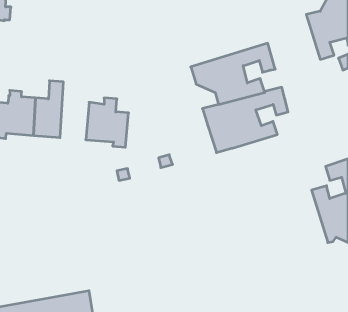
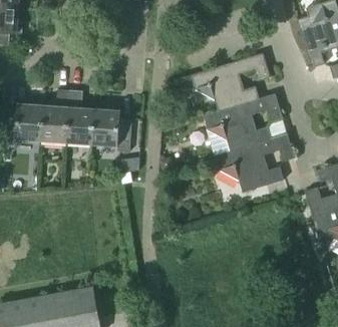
building: none -> [67,90,94,144]
building: none -> [214,134,294,193]

